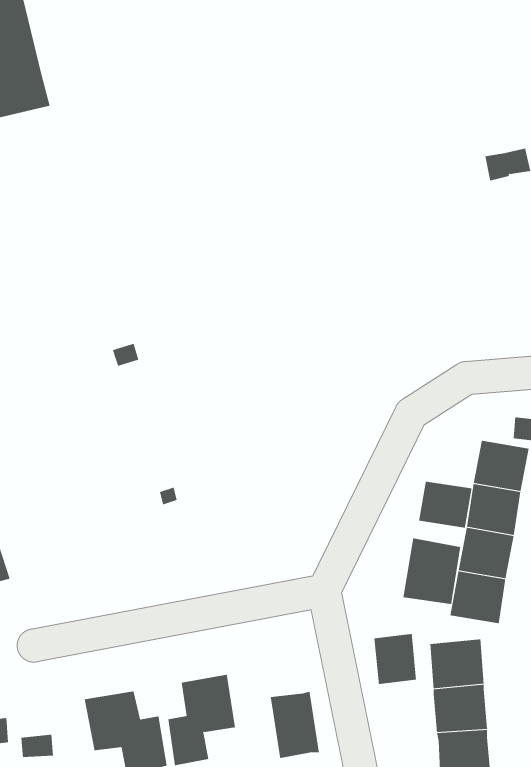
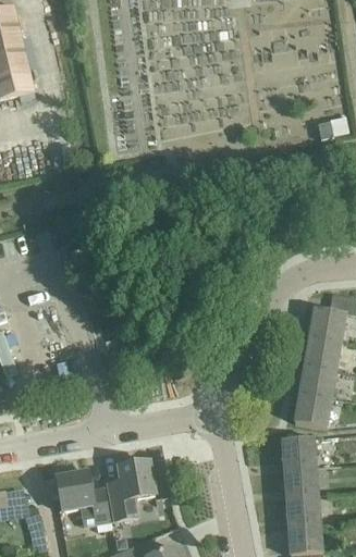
building: [418,481,472,528] -> none
building: [403,537,461,605] -> none
building: [374,633,417,685] -> none
building: [270,691,319,759] -> none

